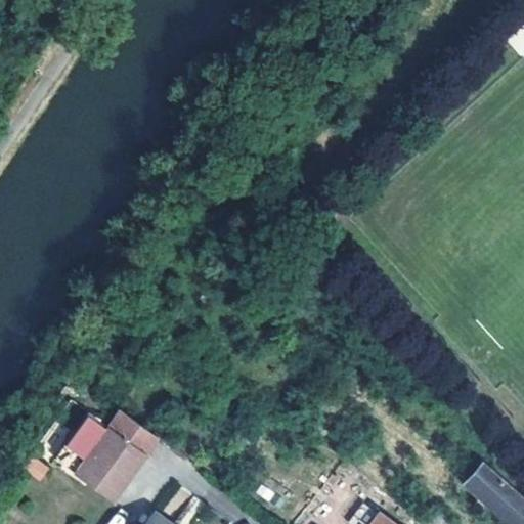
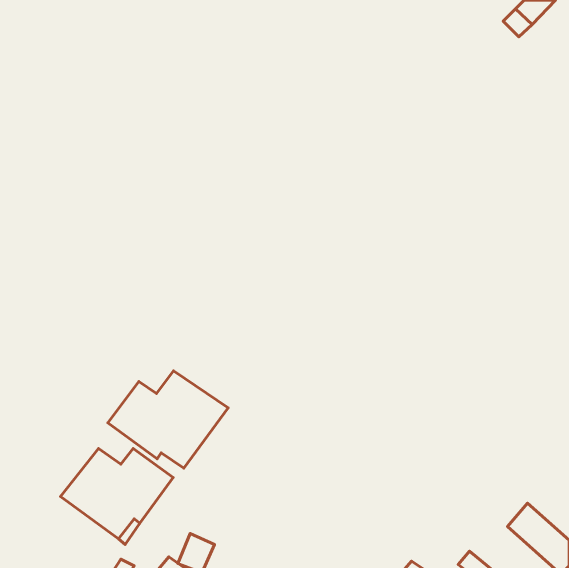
building: none -> [108,371,228,468]

